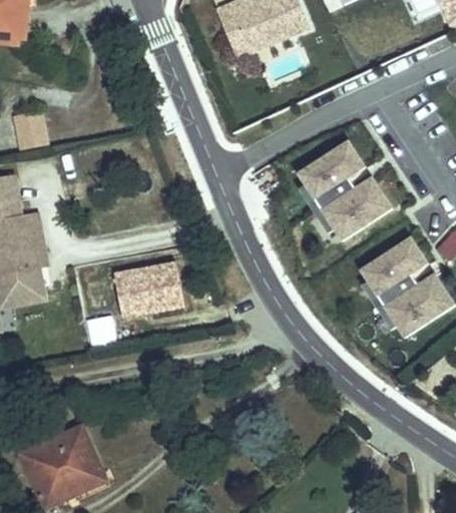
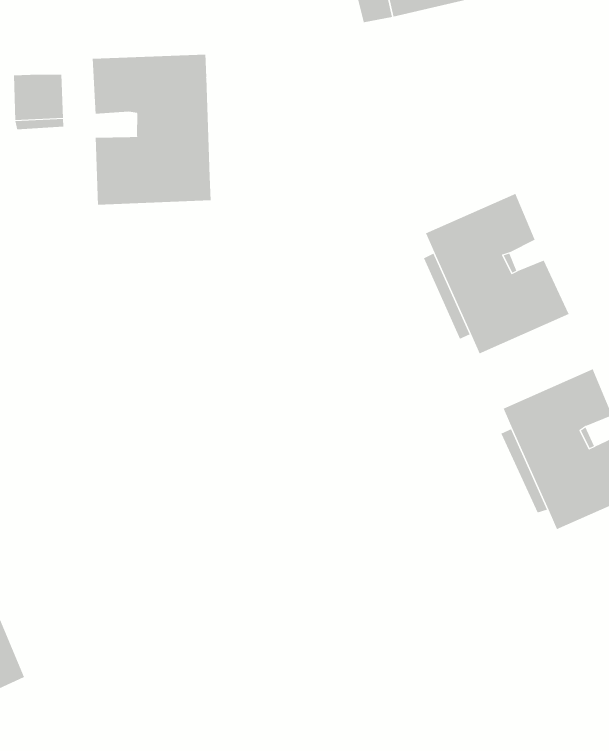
building: none -> [92,54,211,205]

